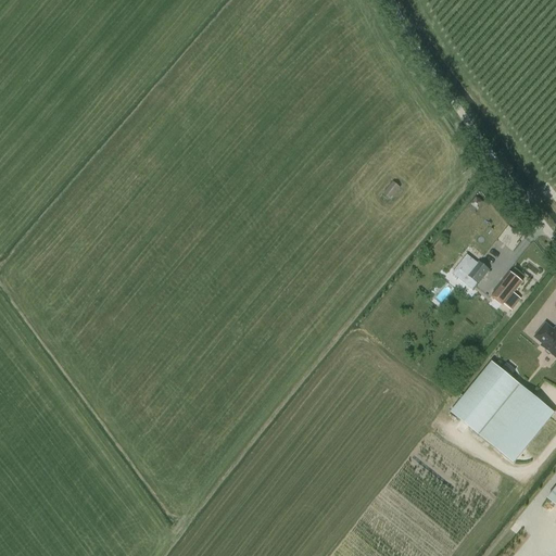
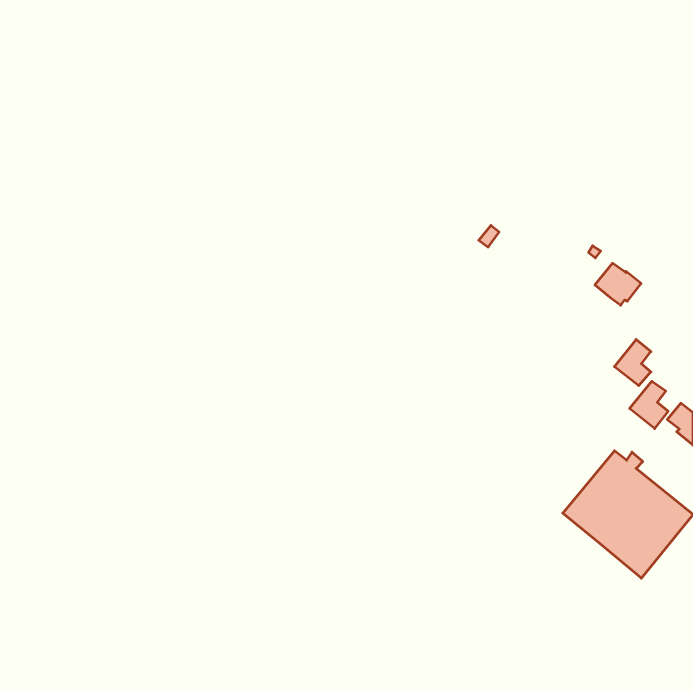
building: [453,253,490,287] -> [595,263,641,305]
building: none -> [630,381,668,429]

